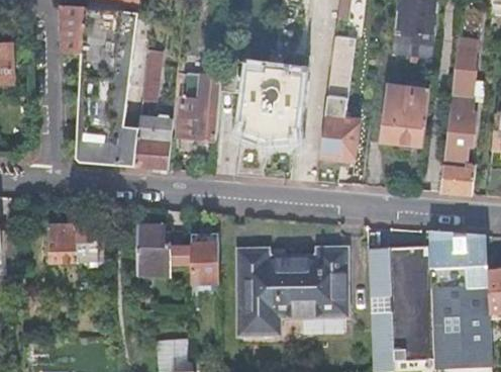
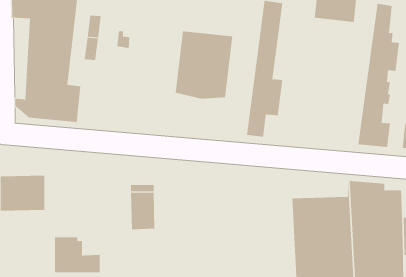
building: [177,76,221,141] -> none
building: [380,81,432,146] -> none
building: [133,116,173,169] -> none
building: [138,226,189,266] -> [54,237,101,273]
building: [239,252,344,331] -> none

